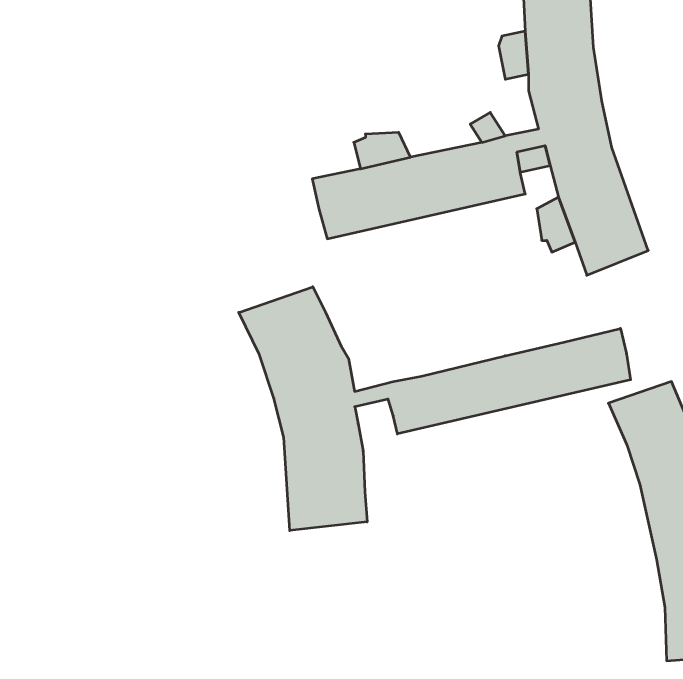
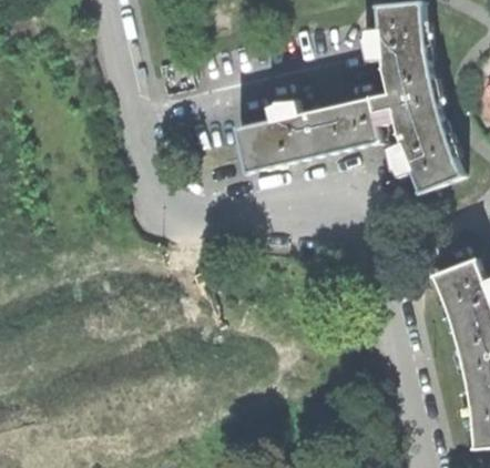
building: [239,287,631,531] -> none

